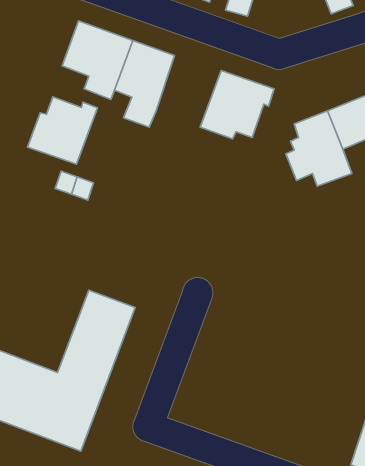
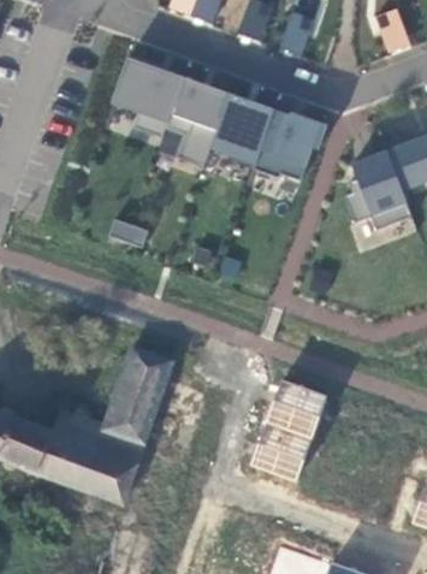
building: none -> [207,95,274,170]
building: [28,97,97,164] -> none
building: none -> [249,375,324,481]

